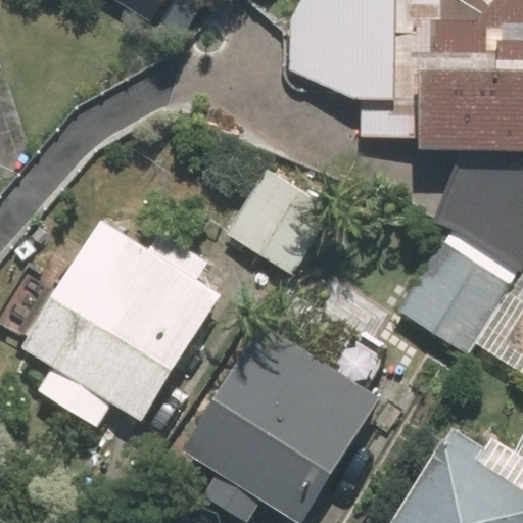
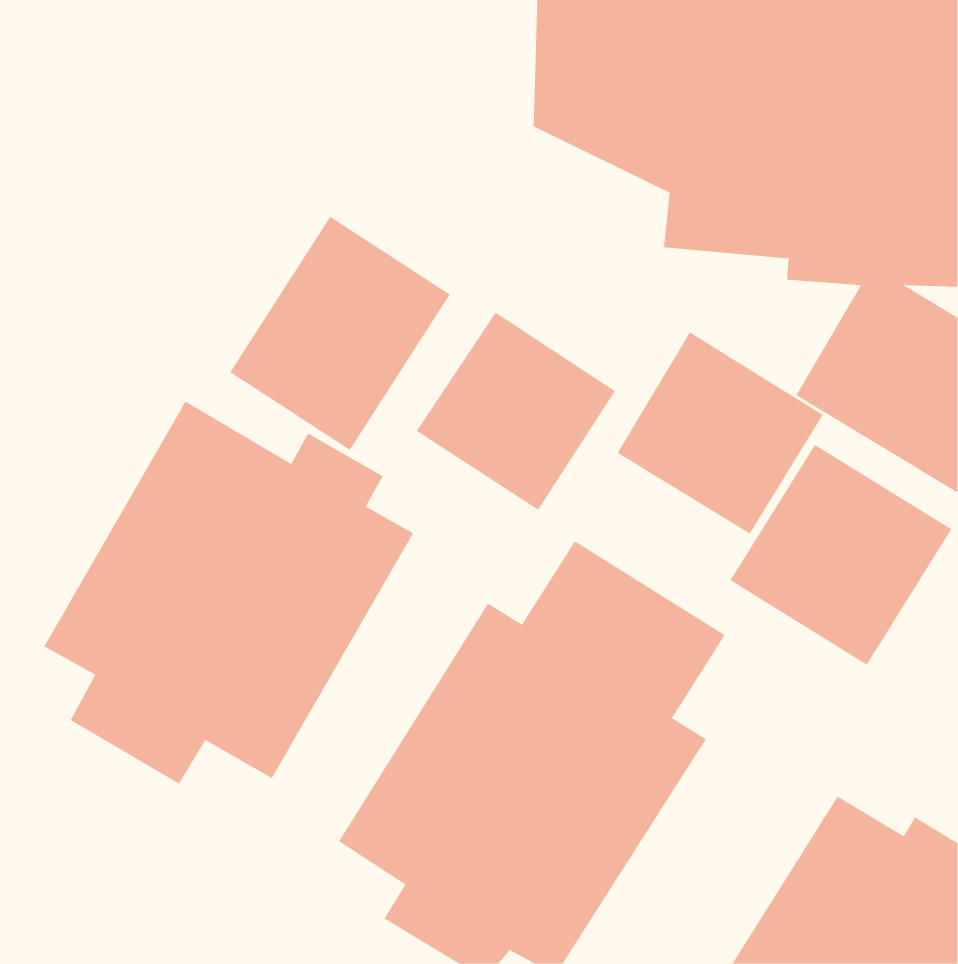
building: none -> [230,216,451,451]
building: none -> [617,331,824,534]

